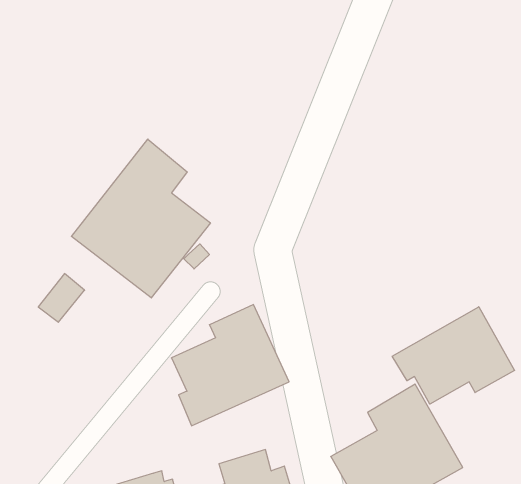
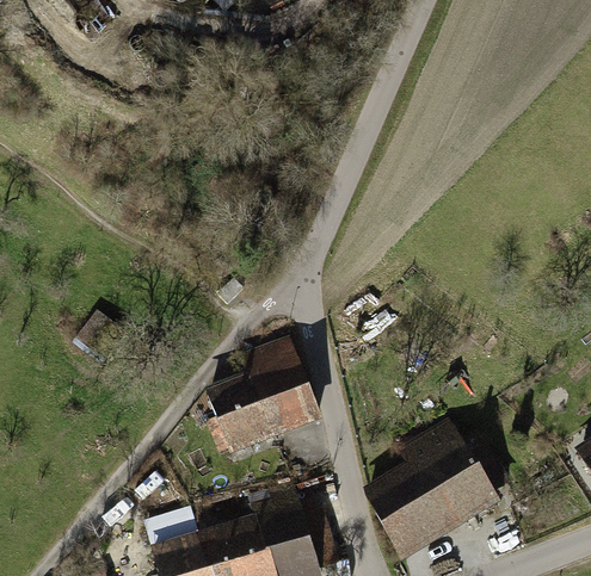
building: [71,139,210,298] -> none
building: [392,307,515,404] -> none

